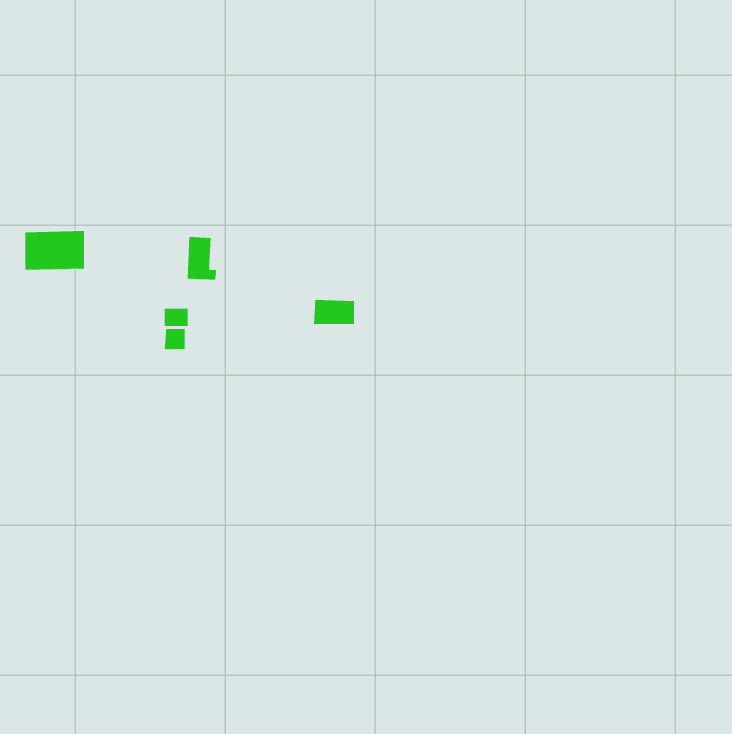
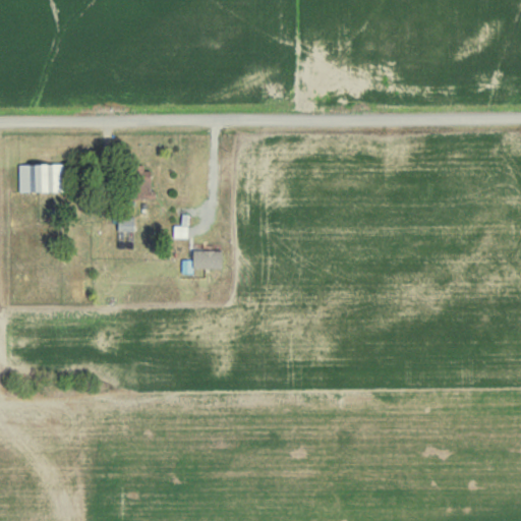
building: [313,299,355,325] -> [192,250,222,269]

